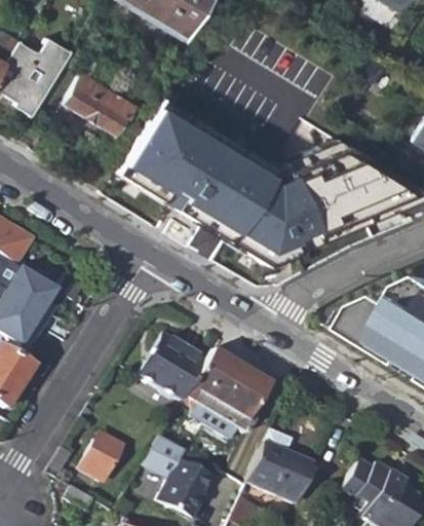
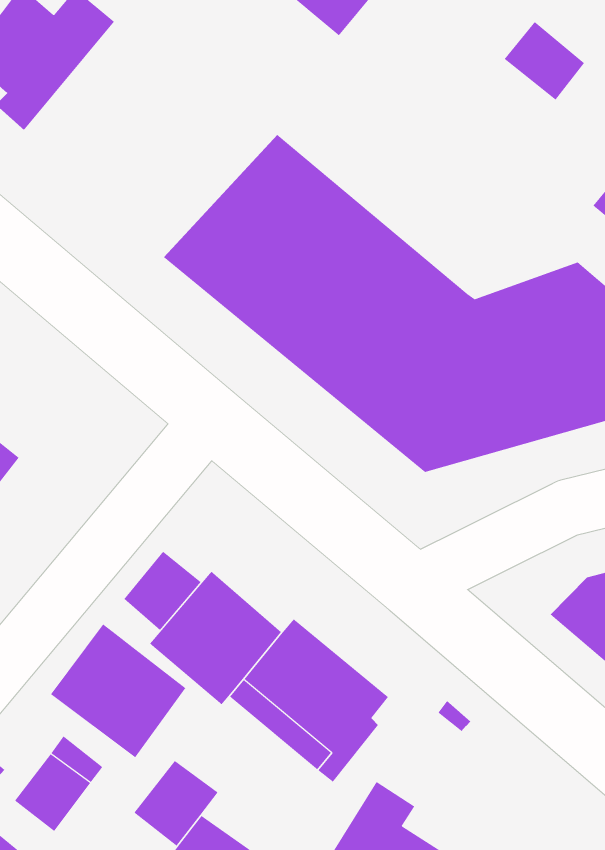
building: none -> [504,21,585,100]
building: [63,57,139,136] -> none
building: none -> [123,551,202,631]
building: none -> [50,624,186,758]

